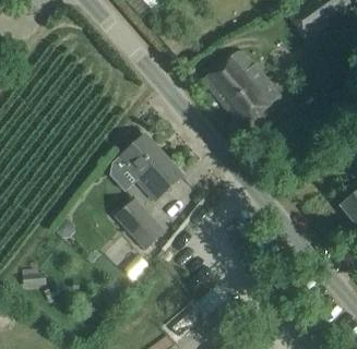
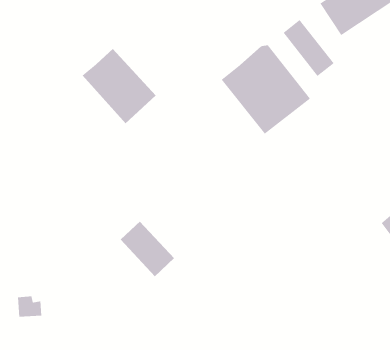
building: none -> [283,19,335,77]
building: [116,133,181,200] -> [82,48,157,124]

